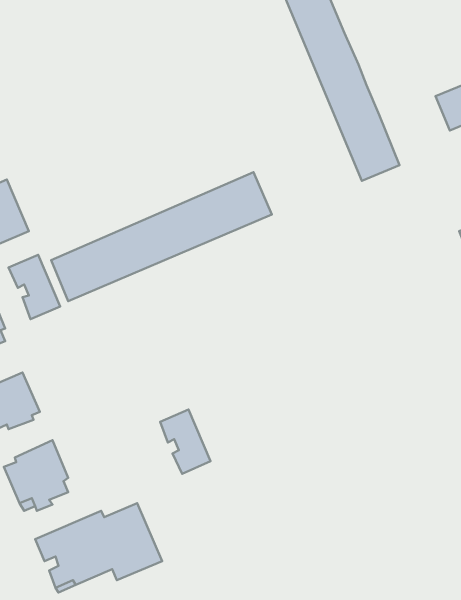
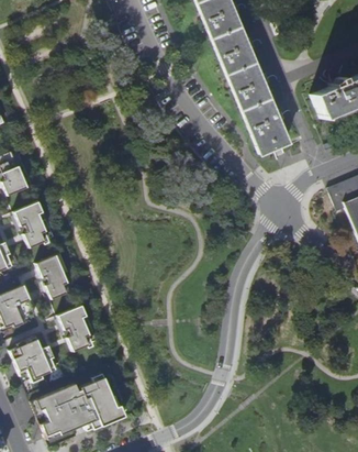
building: [51,172,272,301] -> none
building: none -> [37,256,72,300]
building: [160,409,210,474] -> [59,308,94,353]

